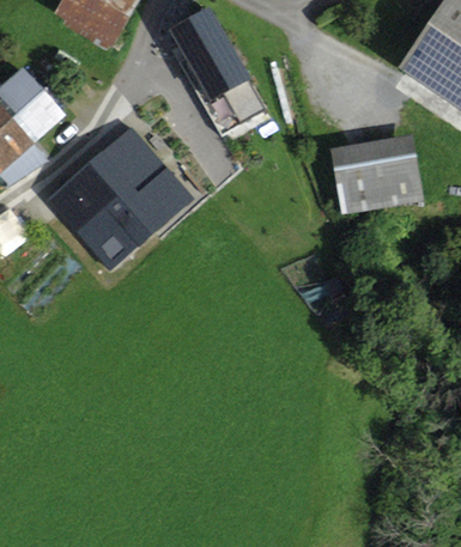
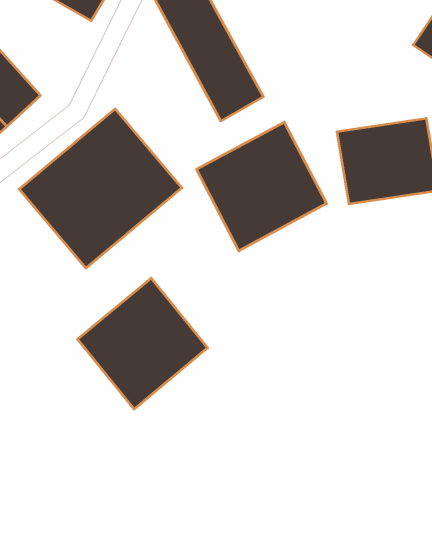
building: none -> [197,122,327,251]
building: none -> [78,278,208,409]

